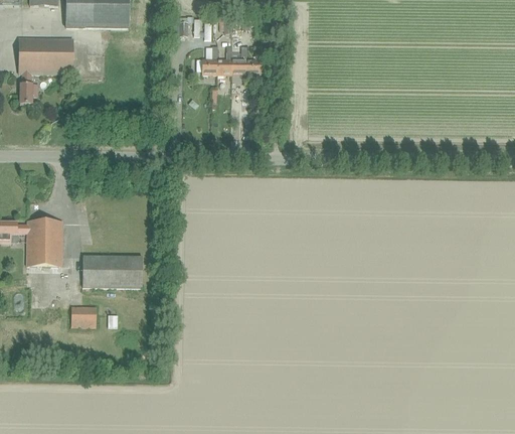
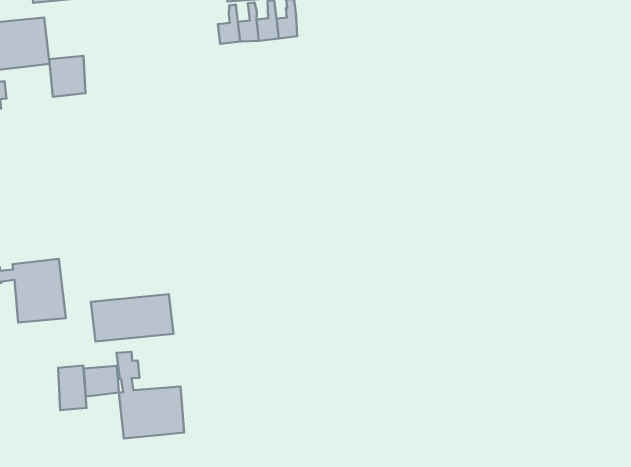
building: none -> [49,56,86,97]
building: none -> [117,352,184,439]
building: none -> [58,366,87,410]

